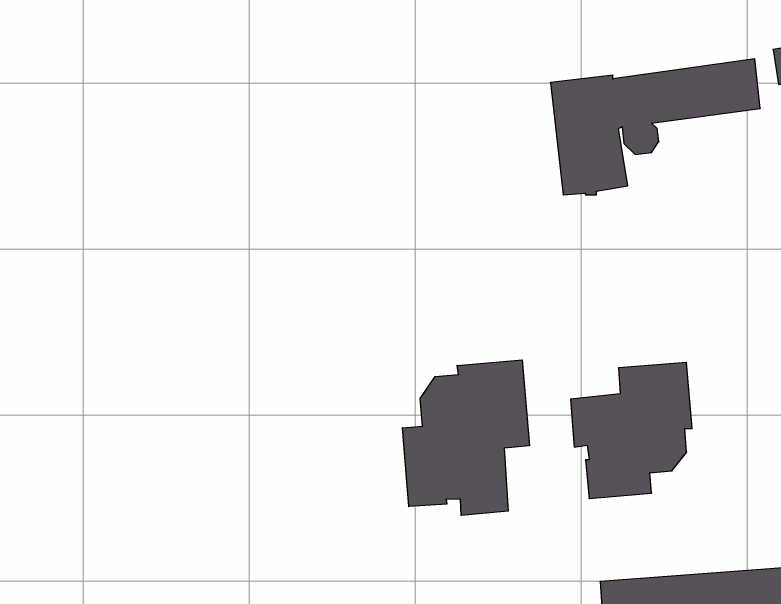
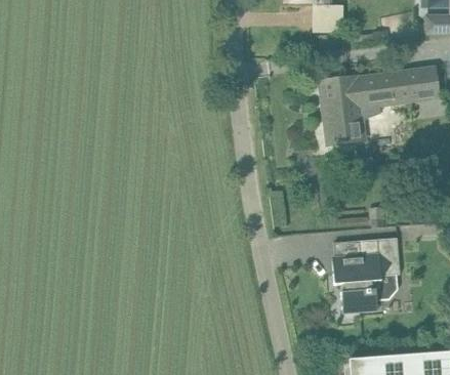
building: [402,360,529,515] -> none

